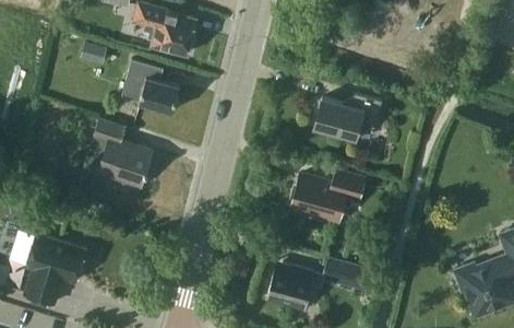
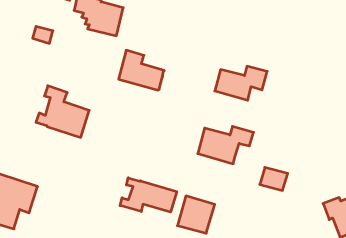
building: [121,60,180,112] -> [119,50,164,90]
building: none -> [120,178,177,212]
building: [321,258,357,288] -> [260,167,288,190]

